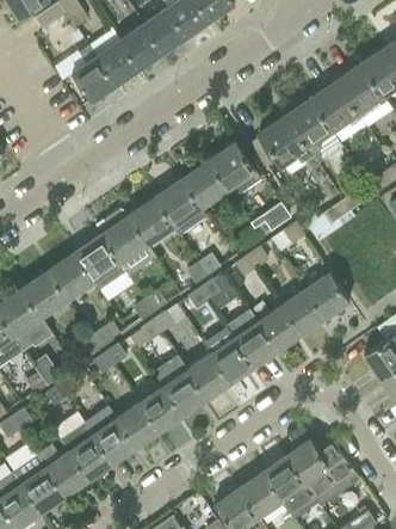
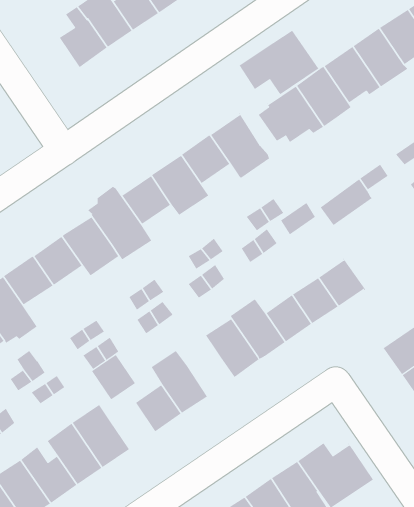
building: none -> [239,30,319,97]
building: [188,355,230,398] -> none
building: [118,404,159,445] -> [91,354,136,400]

